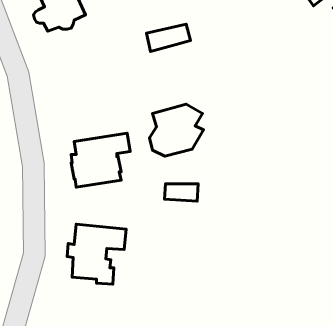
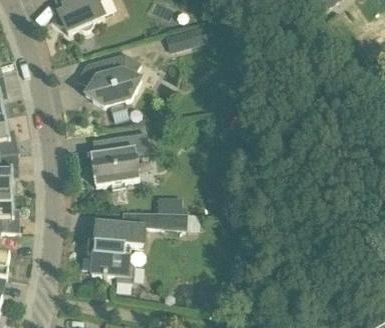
building: [149,104,203,156] -> [88,54,141,105]
building: [164,184,198,201] -> [154,212,187,229]

